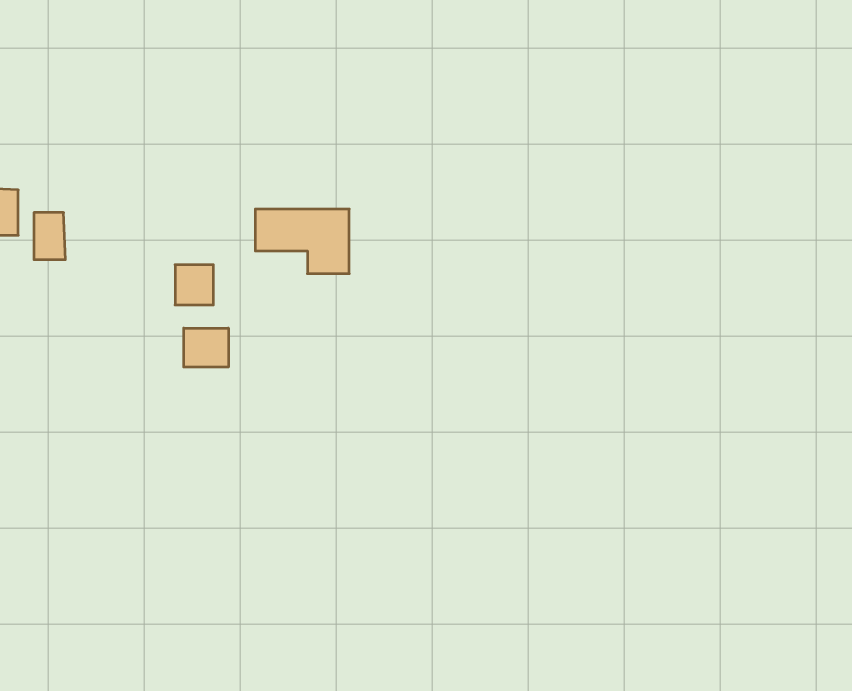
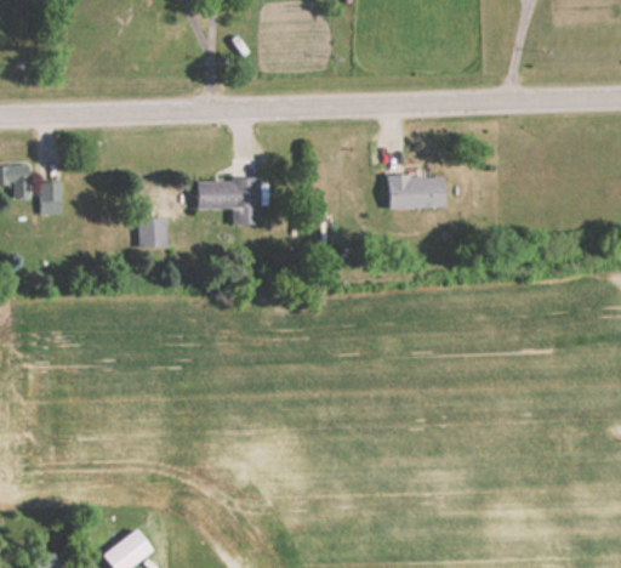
building: none -> [387,175,445,209]
building: [184,328,228,367] -> none

